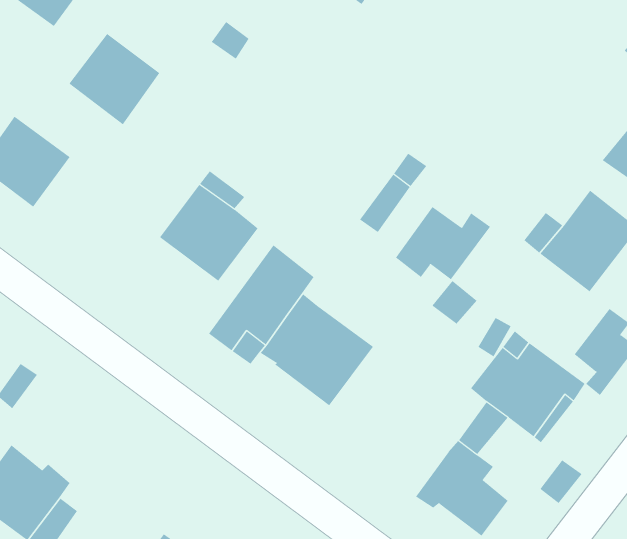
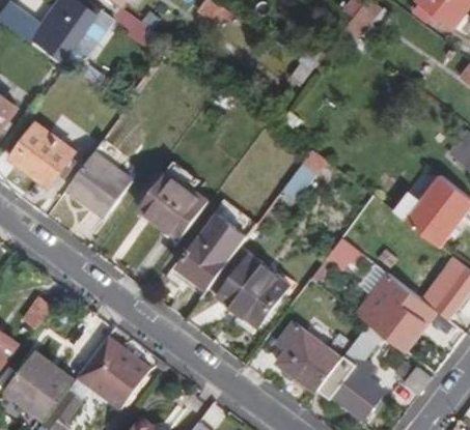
building: [68,33,160,125] -> [67,152,132,217]
building: [395,206,491,280] -> none
building: none -> [275,324,339,393]
building: none -> [79,337,154,408]

